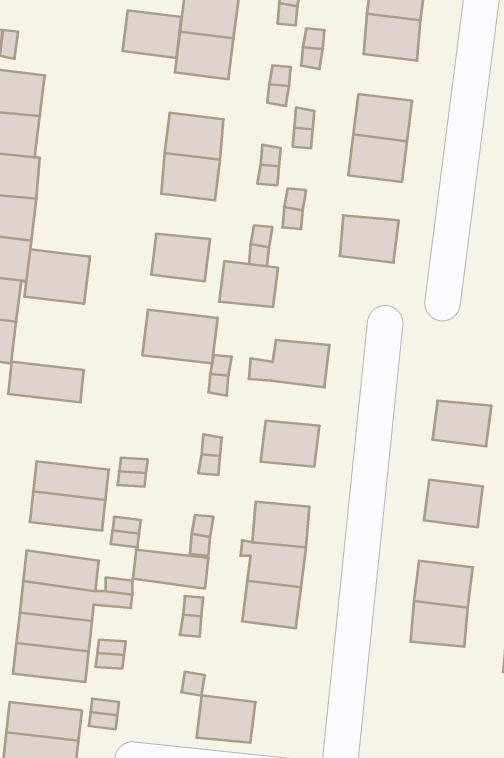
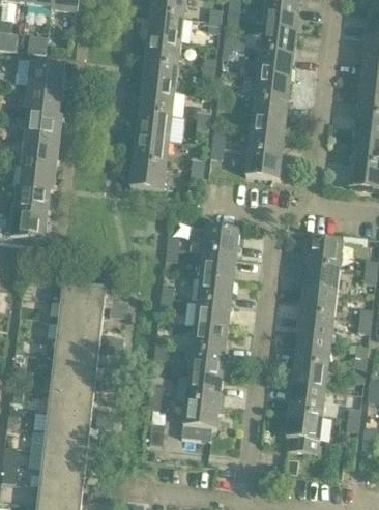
building: [123,11,182,58] -> [141,62,177,91]
building: none -> [257,51,293,80]
building: none -> [247,125,284,153]
building: [24,249,90,304] -> none
building: [219,261,278,307] -> [133,137,169,164]
building: [143,310,217,364] -> none
building: none -> [305,238,342,267]
building: [8,362,84,402] -> [59,281,106,306]
building: none -> [200,251,236,279]
building: none -> [300,288,336,317]
building: none -> [194,301,230,329]
building: none -> [294,337,330,366]
building: [133,550,209,588] -> [53,338,99,362]
building: none -> [286,412,322,454]
building: none -> [42,431,89,454]
building: [197,695,256,743] -> [182,399,218,428]

